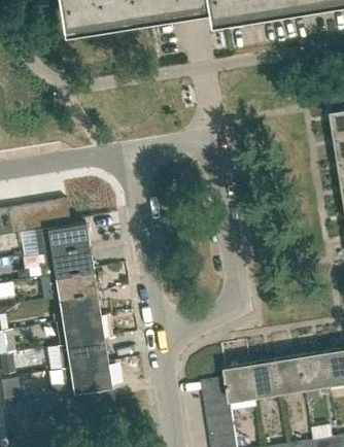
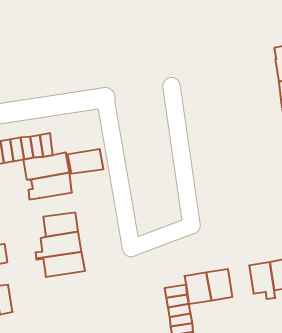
building: [55,273,97,302] -> [68,149,103,174]
building: [277,359,307,397] -> none
building: [51,366,111,400] -> none

